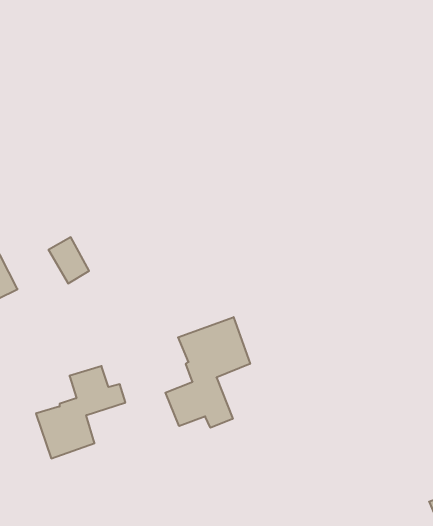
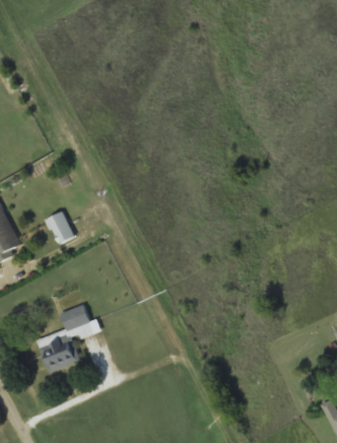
building: [165,317,250,428] -> none

